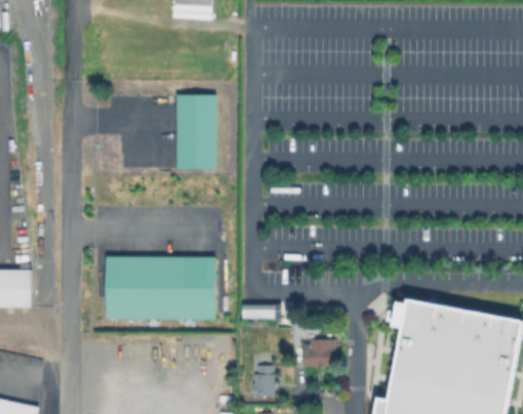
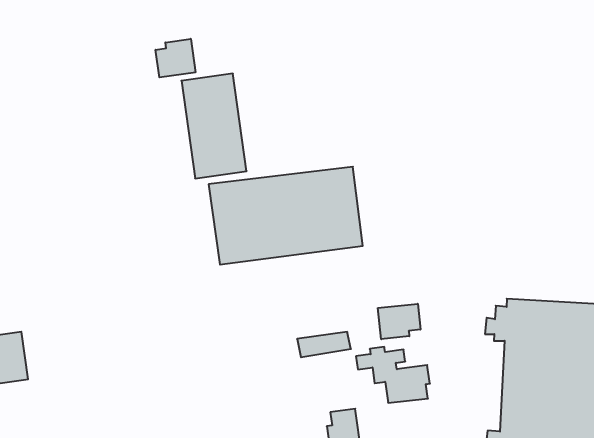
building: none -> [156,39,195,77]
building: [105,255,216,319] -> [209,167,363,265]
building: none -> [378,304,420,339]

